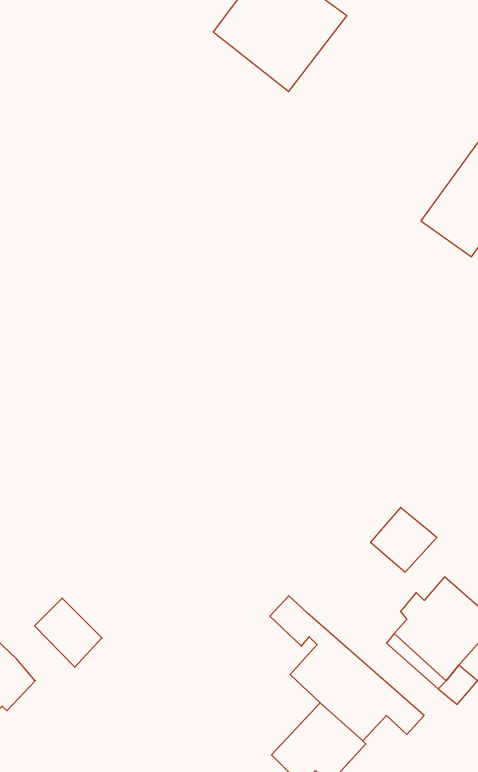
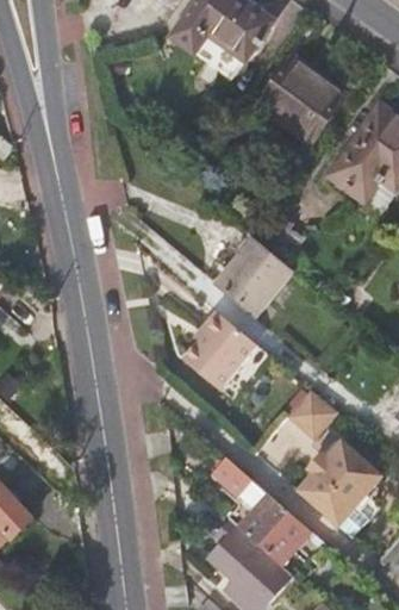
building: none -> [255,54,342,142]
building: none -> [216,235,293,317]
building: none -> [186,311,257,390]
building: [35,598,102,667] -> none

